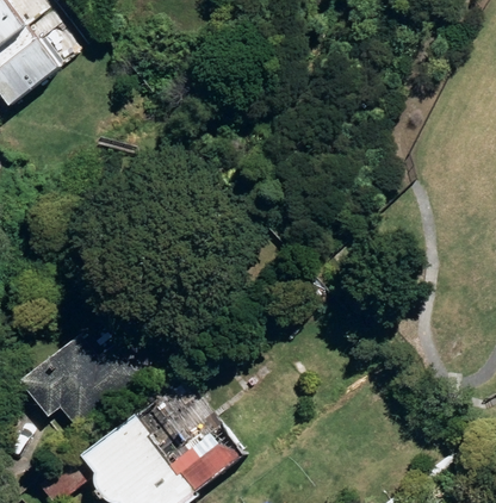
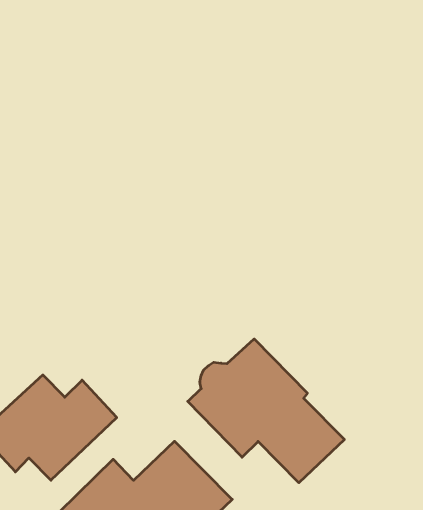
building: none -> [188,339,344,483]

